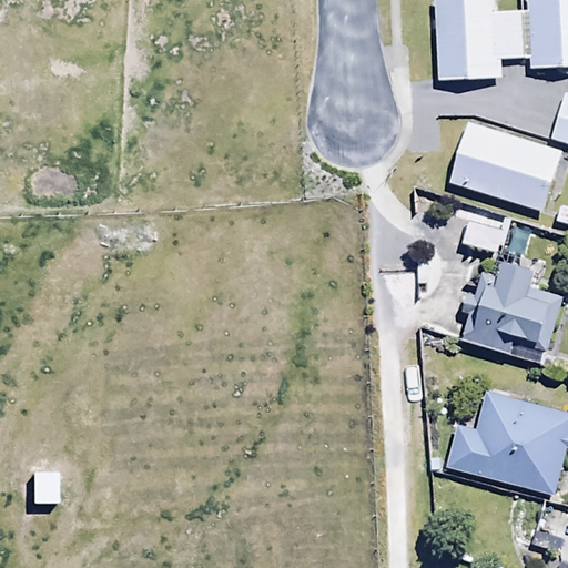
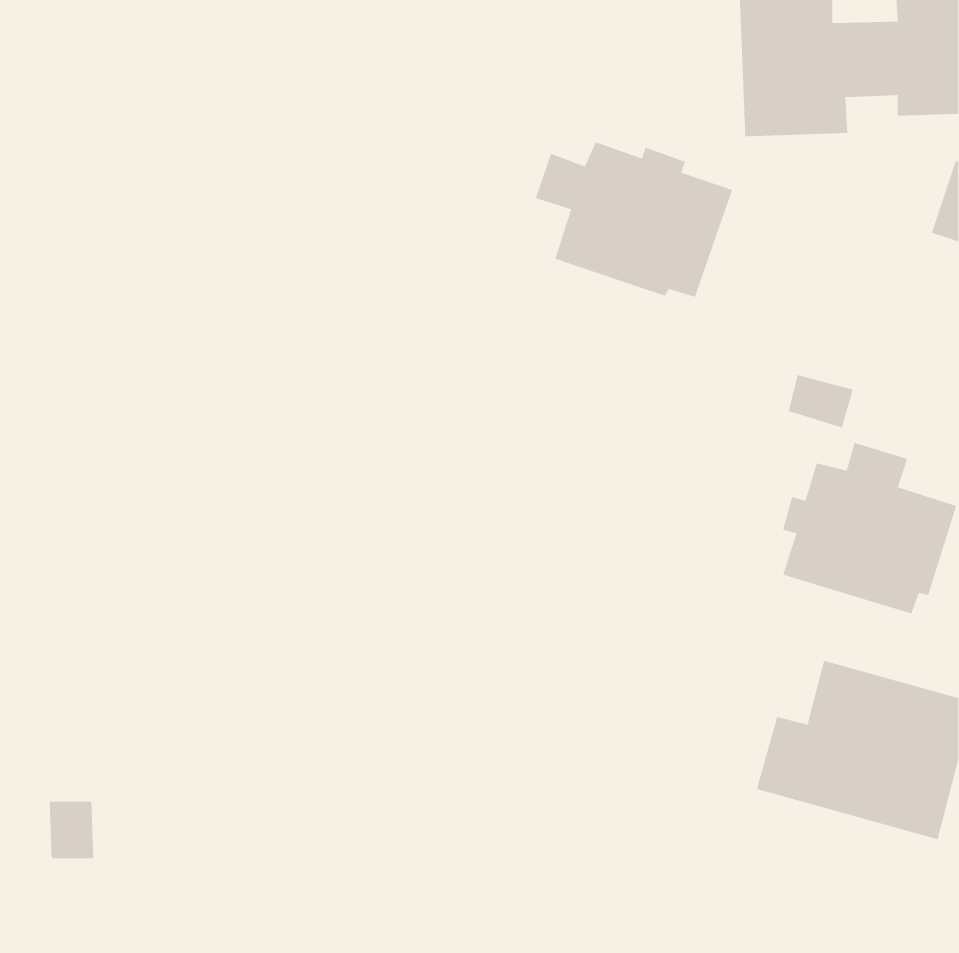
building: none -> [535,141,733,298]
building: [450,121,561,212] -> none

